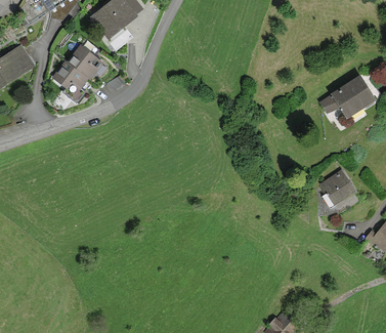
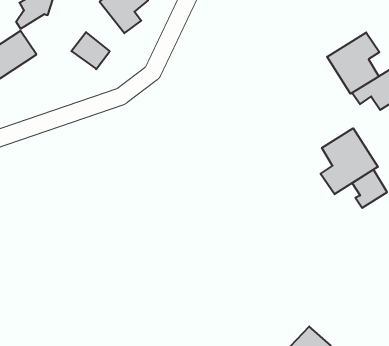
building: none -> [327,32,379,94]
building: [53,60,88,101] -> none
building: none -> [321,128,378,194]

